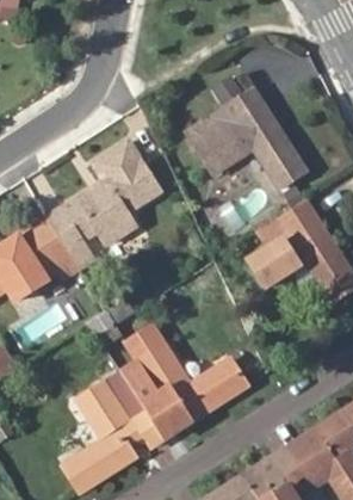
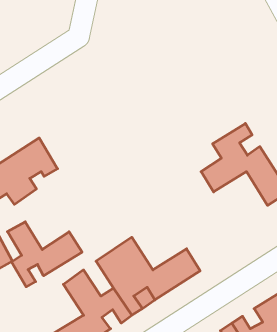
building: [186,87,306,189] -> none
building: [50,141,160,255] -> none
building: none -> [7,222,82,287]

